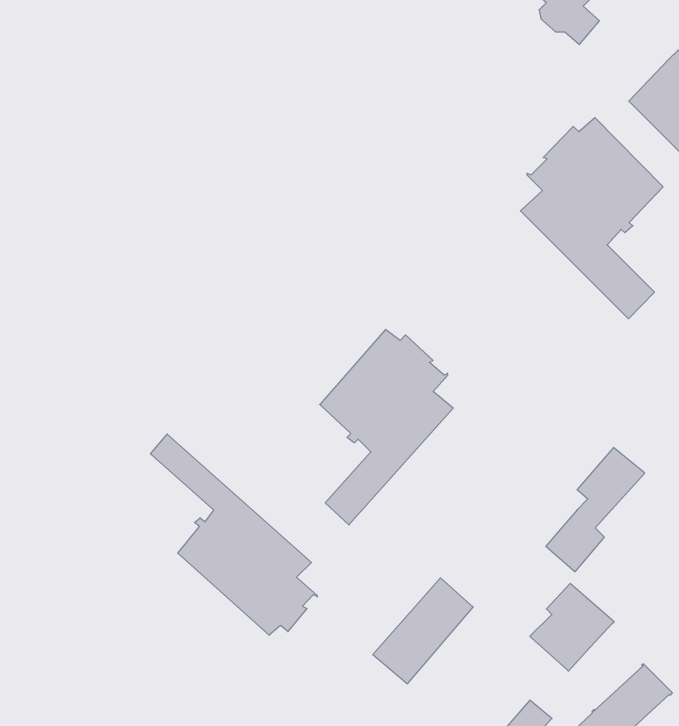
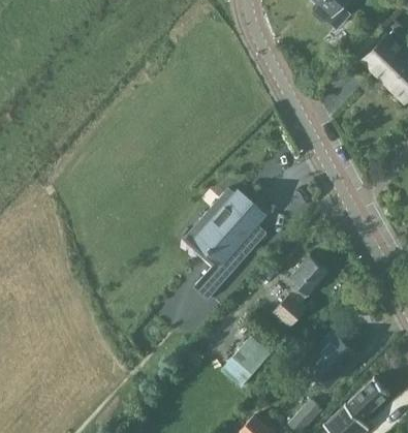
building: [520,118,663,319] -> none
building: [151,434,317,635] -> none
building: [546,448,645,572] -> [273,257,328,328]

